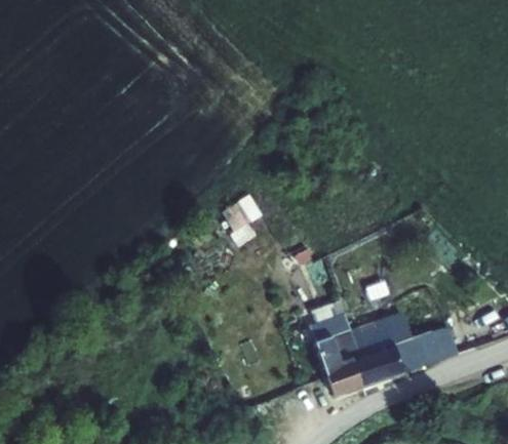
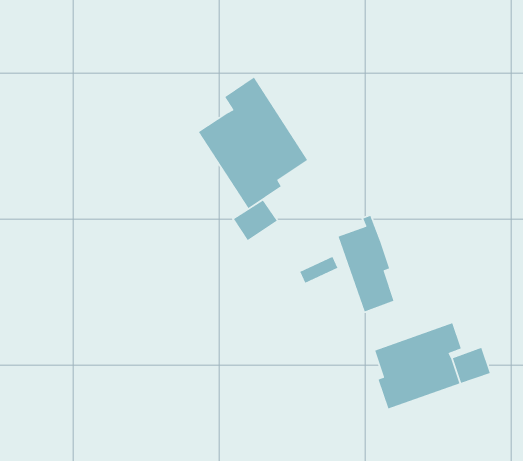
building: none -> [198,77,308,209]
building: [310,308,362,397] -> [337,215,395,312]

